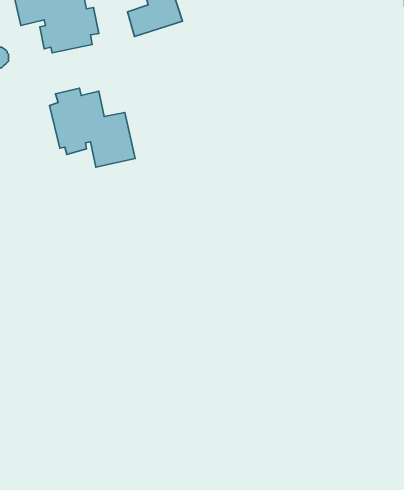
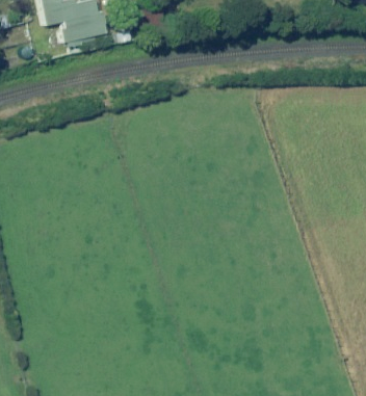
building: [50,88,135,167] -> none

